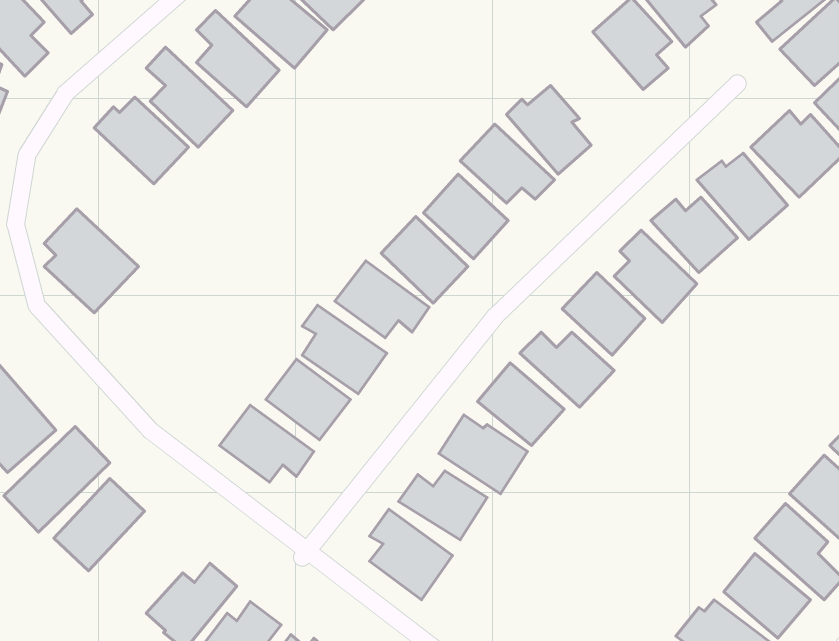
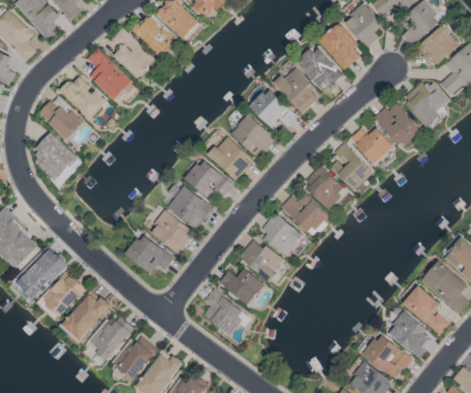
building: none -> [296,45,344,89]
building: none -> [38,94,84,139]
building: none -> [61,292,111,340]

